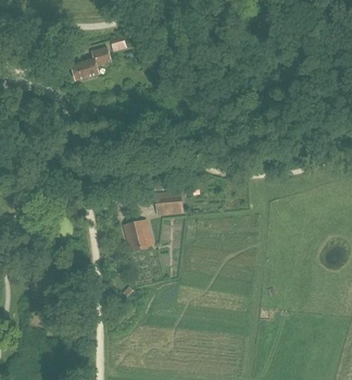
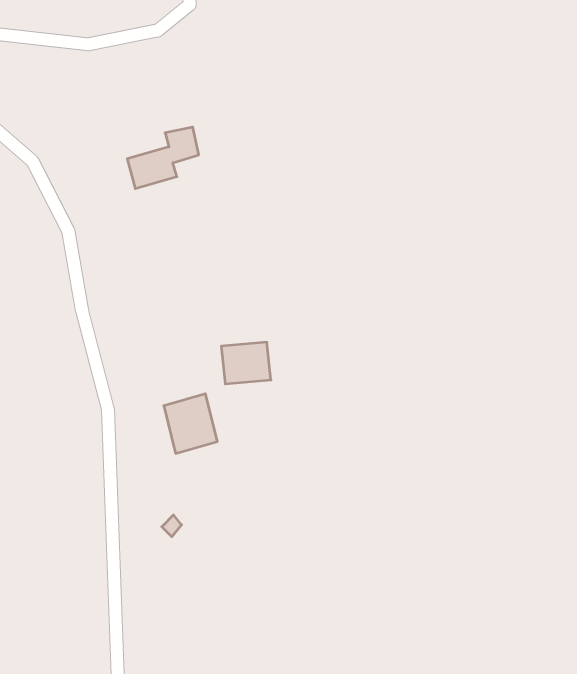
building: [71,46,110,79] -> [127,127,199,189]

